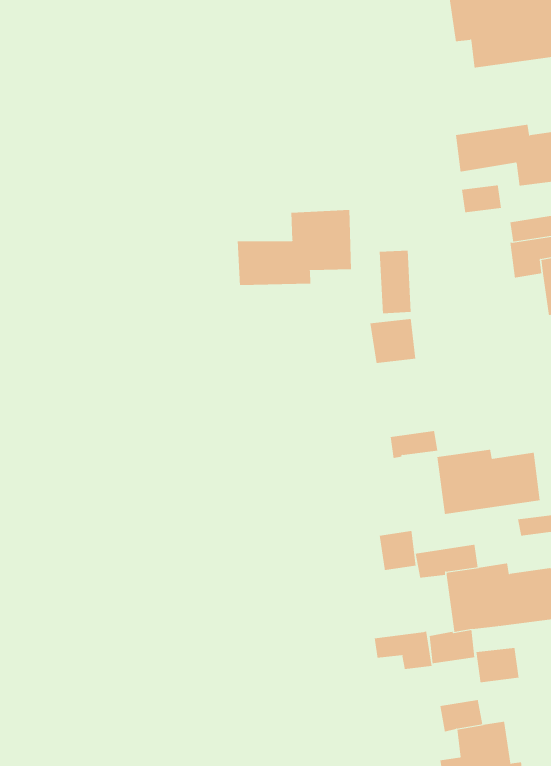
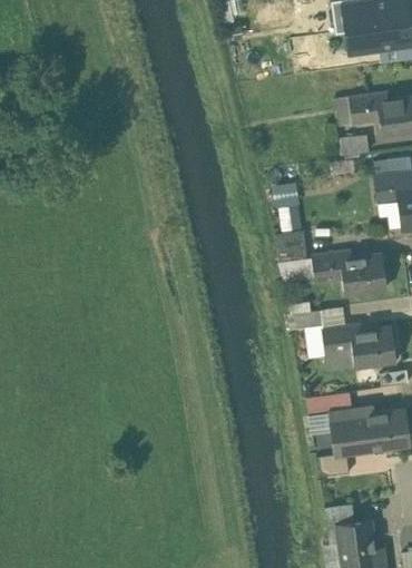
building: [237,209,351,286] -> none
building: none -> [312,253,386,295]
building: [379,530,416,571] -> none
building: [374,630,432,670] -> none
building: [476,647,519,683] -> none

